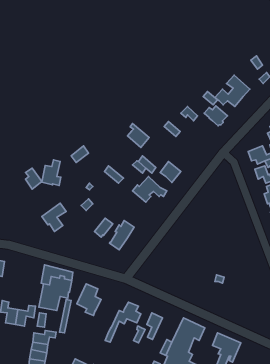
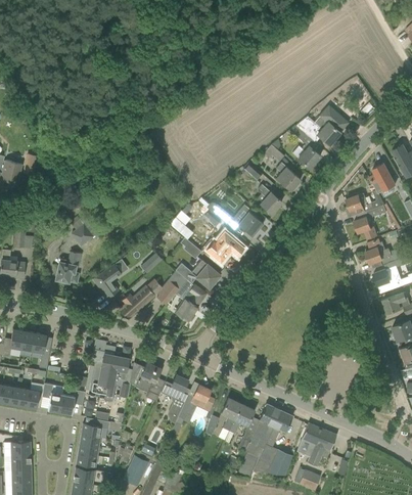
building: none -> [275,163,301,191]
building: [128,123,149,147] -> [255,184,281,214]
building: [42,160,61,186] -> [55,252,79,283]
building: none -> [175,260,220,287]
building: none -> [118,285,153,320]
building: none -> [162,374,188,416]
building: none -> [224,404,254,444]

